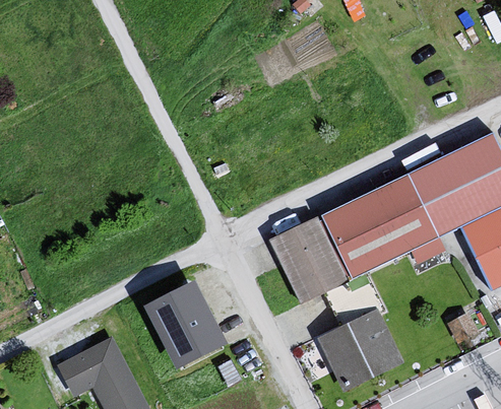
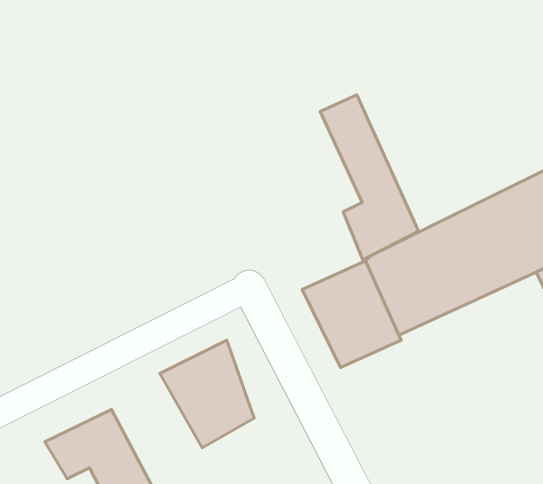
building: none -> [320,95,418,260]
building: [316,310,402,388] -> none

